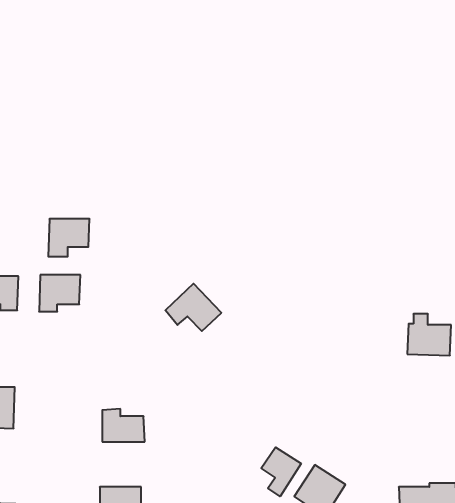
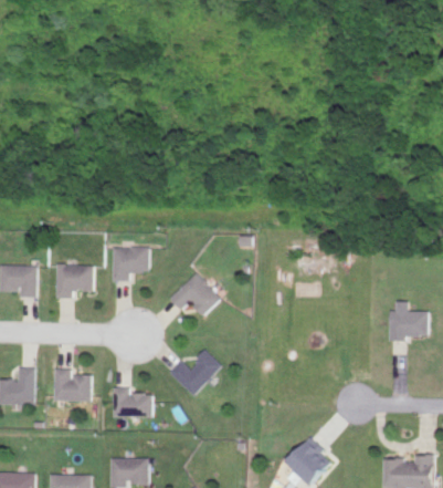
building: [48,219,90,257] -> [112,248,149,282]
building: none -> [169,351,221,395]
building: none -> [53,370,89,402]
building: [261,447,301,496] -> none

